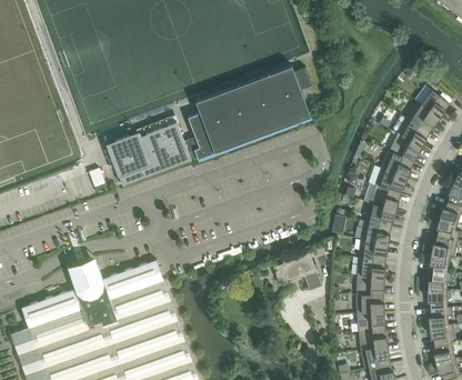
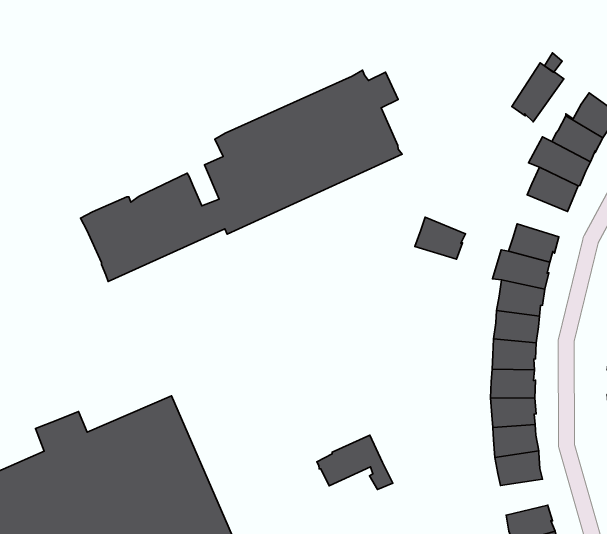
building: none -> [512,63,564,122]
building: [380,152,412,180] -> [415,217,465,259]
building: [273,256,320,290] -> [317,435,393,490]
building: [358,331,386,352] -> none

